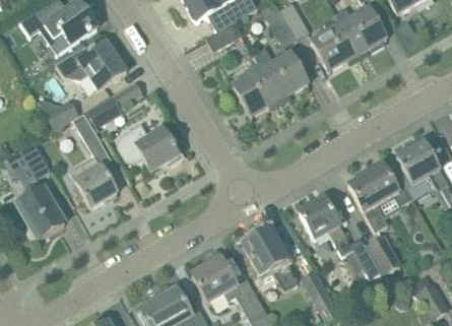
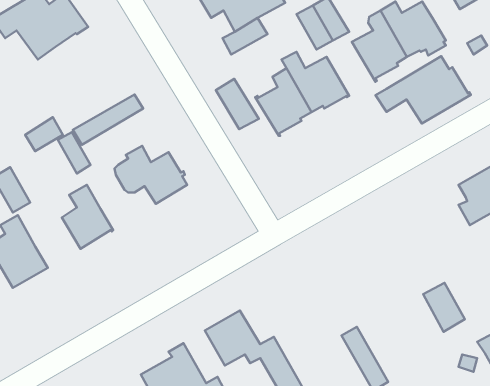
building: [55,41,126,89] -> none
building: none -> [375,56,471,123]
building: none -> [216,79,259,129]
building: [347,162,411,230] -> none
building: [299,196,380,276] -> none
building: [243,227,298,289] -> none

